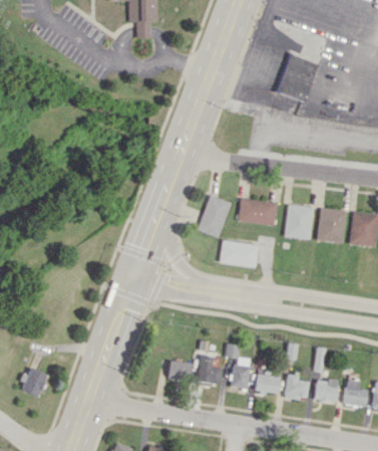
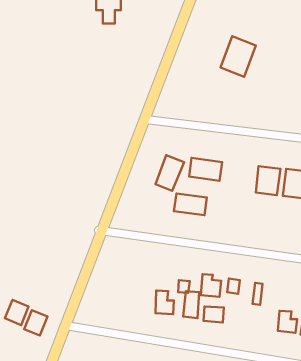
building: [286,204,315,239] -> none
building: [168,362,192,381] -> none
building: [285,373,309,400] -> [201,274,221,297]
building: [314,379,338,403] -> none
building: none -> [24,310,47,336]

